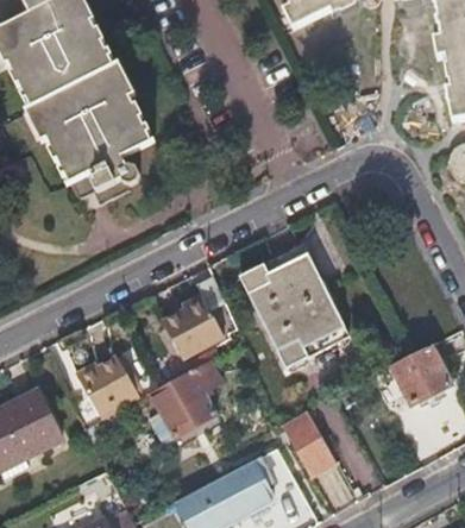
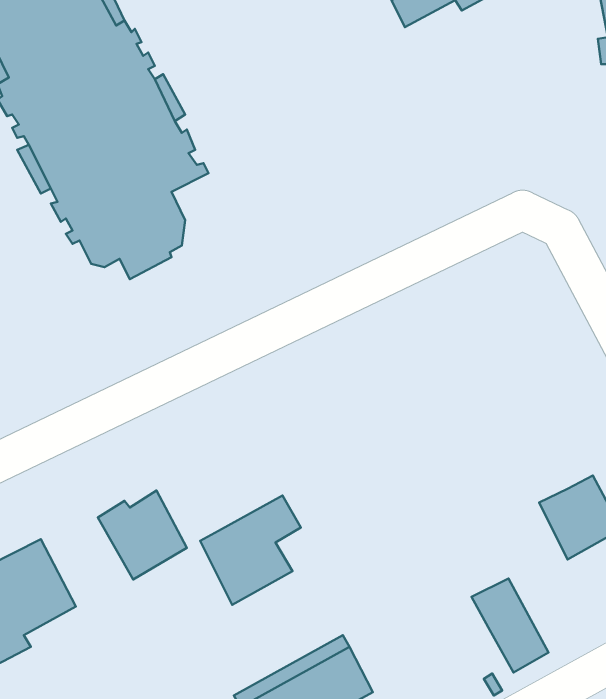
building: [241,243,348,366] -> none
building: [164,293,226,357] -> none
building: [282,410,337,477] -> [471,579,549,673]

